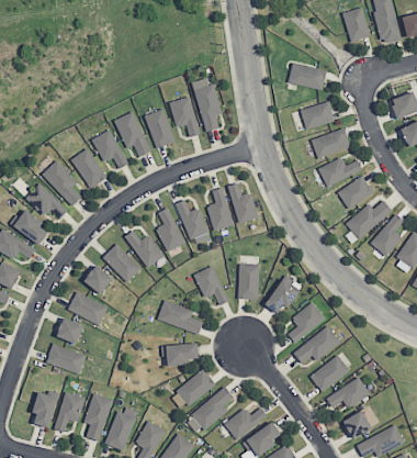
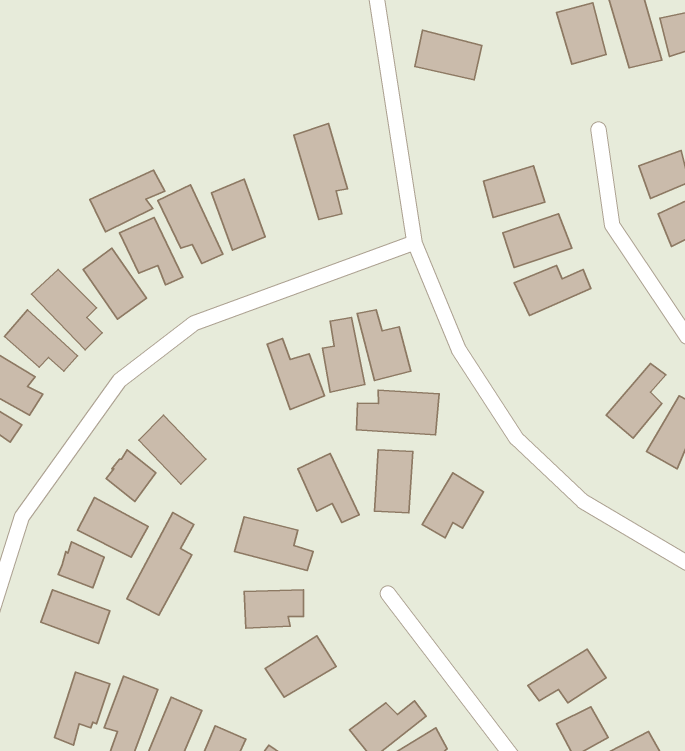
building: [288,63,326,91] -> [415,30,482,80]
building: [168,97,200,137] -> none
building: none -> [90,170,165,232]
building: [336,176,373,210] -> none
building: [345,201,391,241] -> none
building: [155,208,184,253] -> none
building: none -> [357,390,439,435]
building: [124,231,164,269] -> none
building: none -> [127,513,194,615]
building: [288,303,325,343] -> none
building: [293,326,339,365] -> none
building: [309,356,349,392] -> none
building: [191,387,233,431] -> none
building: [32,390,59,427] -> none

